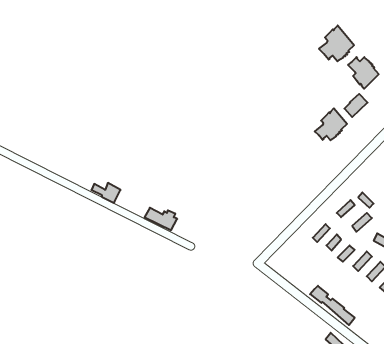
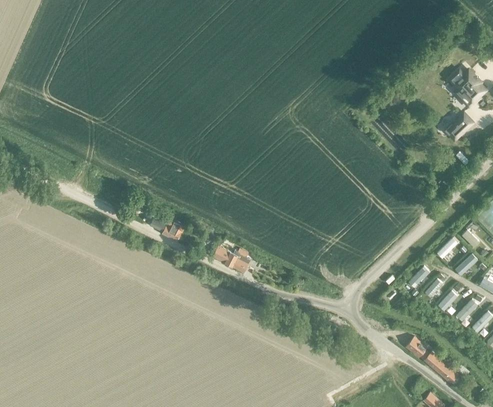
building: [319,25,354,61] -> none
building: [315,108,347,140] -> none

